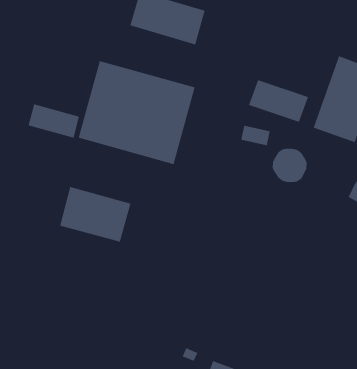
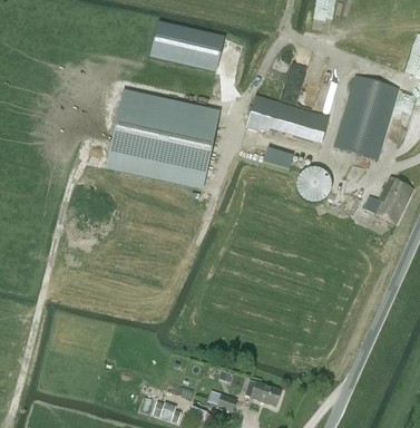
building: none -> [247,95,277,130]
building: [28,103,80,139] -> none
building: [60,186,131,243] -> none

